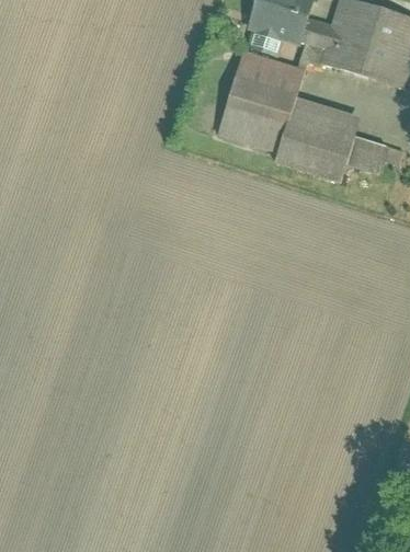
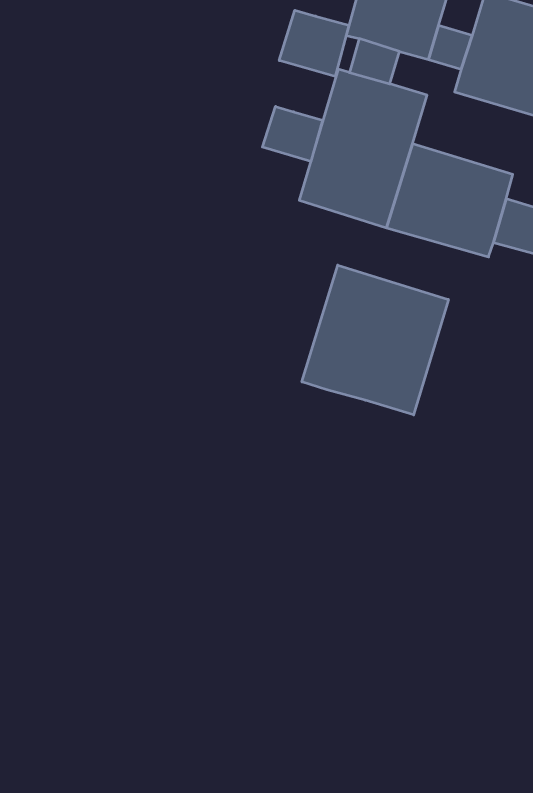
building: none -> [279,10,349,76]
building: none -> [262,106,322,162]
building: none -> [302,265,448,415]

